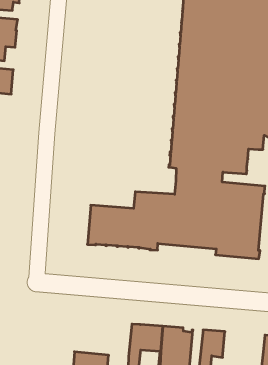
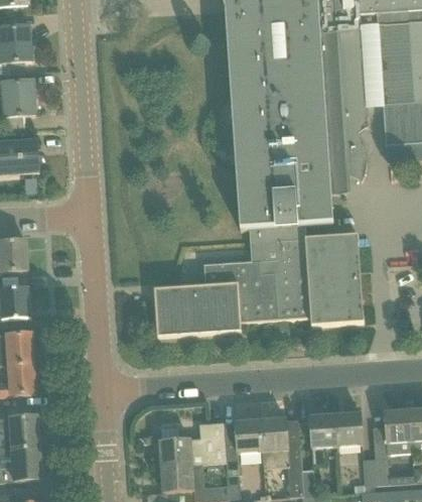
building: none -> [158,421,226,466]
building: none -> [335,412,362,446]

